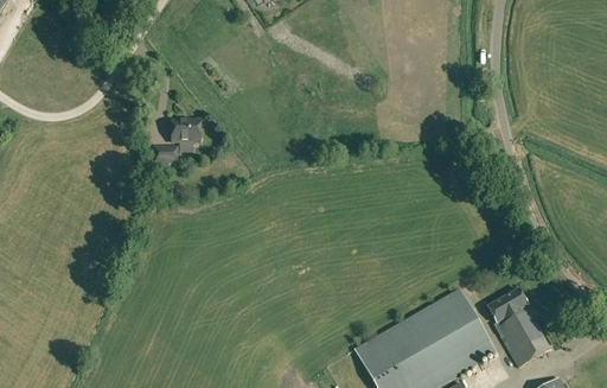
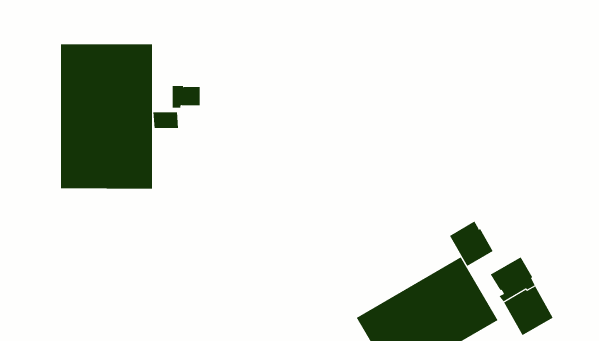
building: none -> [61,44,153,189]
building: none -> [449,221,494,267]

